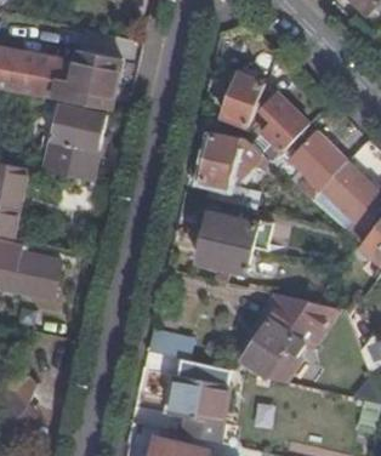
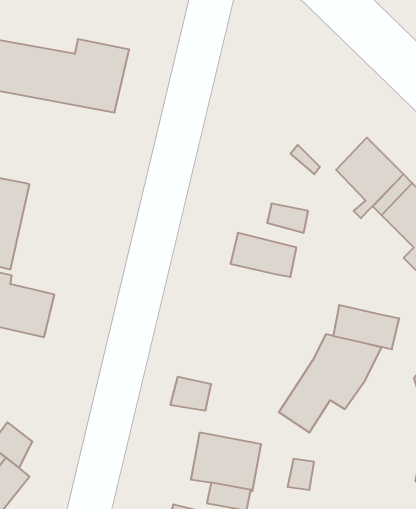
building: [222,73,265,125] -> none
building: [261,92,308,150] -> none
building: [33,103,106,179] -> none
building: [200,131,237,184] -> none
building: [198,235,252,272] -> [333,305,399,349]

